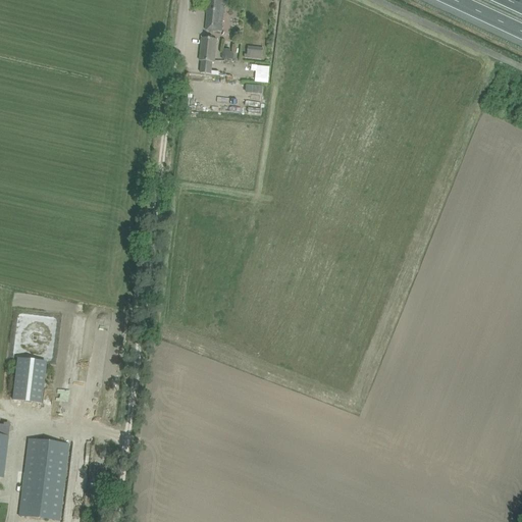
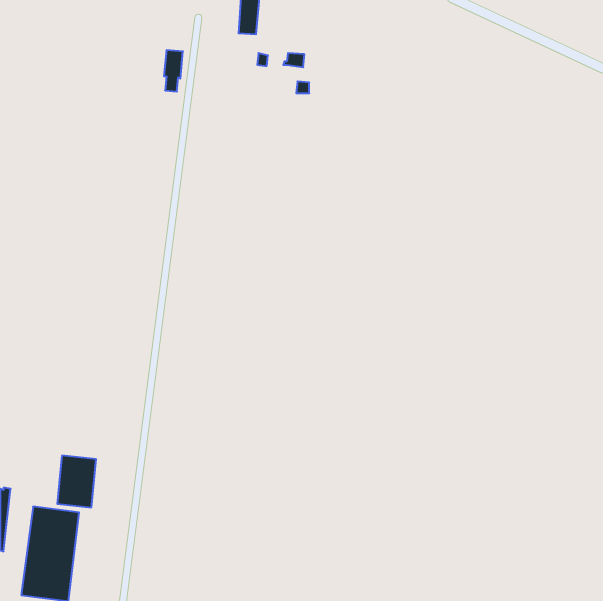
building: [200,37,216,72] -> [164,50,183,92]
building: [12,356,46,401] -> [57,456,96,507]

